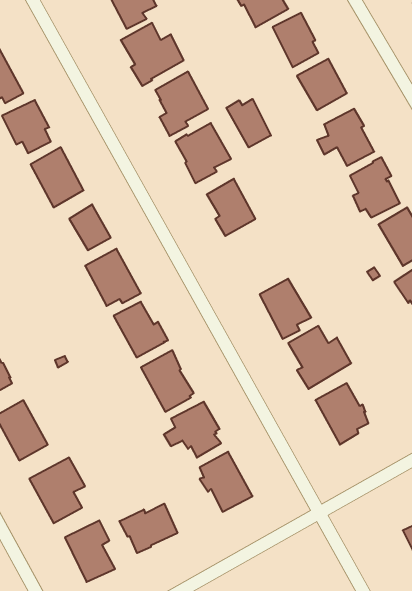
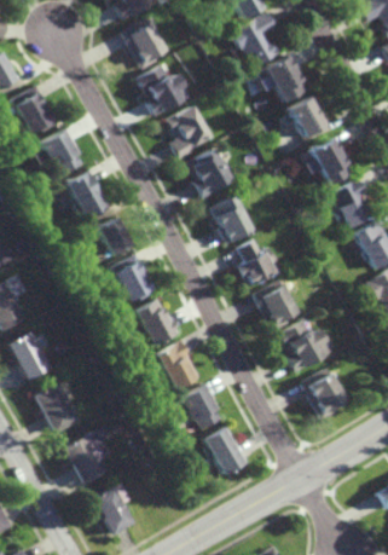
building: [226,99,271,147] -> none
building: none -> [238,239,277,285]
building: [119,504,177,553] -> none

